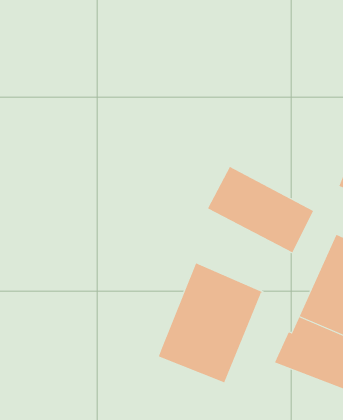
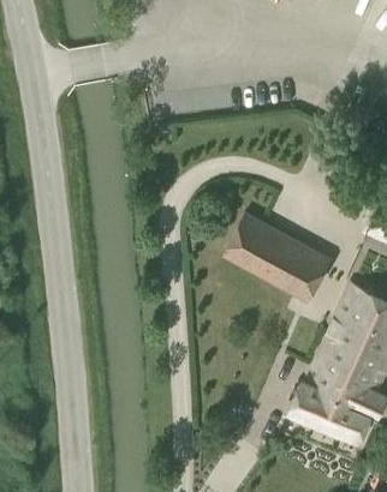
building: [158,263,263,383] -> none

